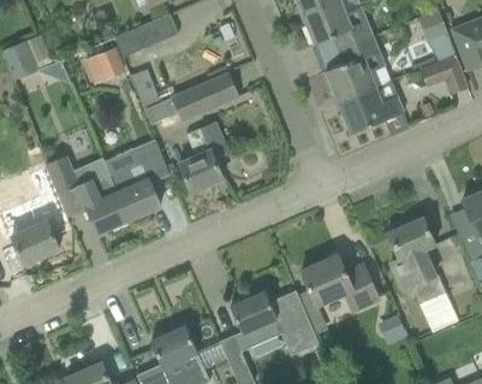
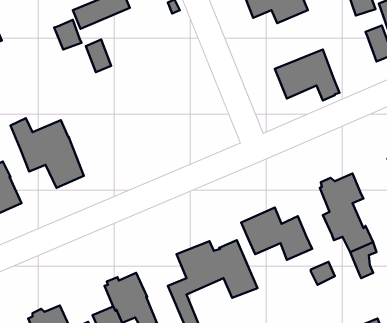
building: [325,36,386,101] -> none
building: [144,72,239,124] -> none
building: [179,122,228,191] -> none
building: [111,138,168,219] -> none

